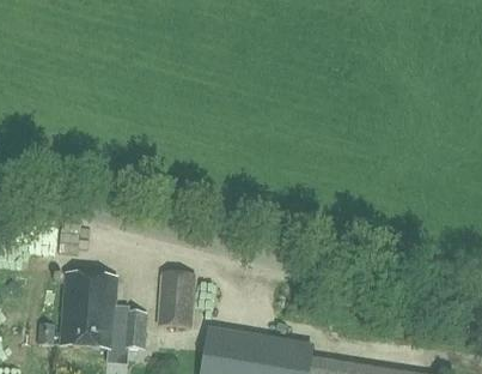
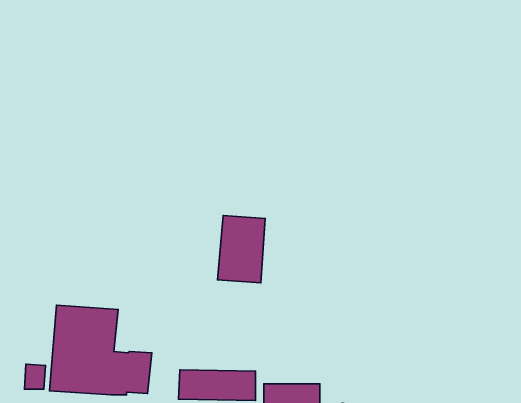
building: [155,269,196,326] -> [218,216,265,283]

